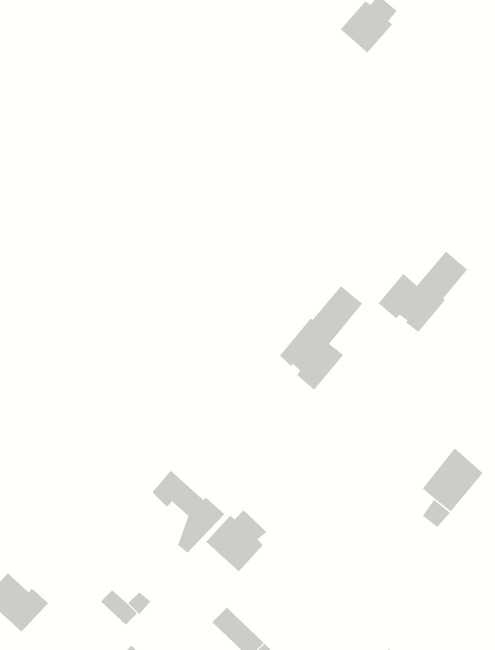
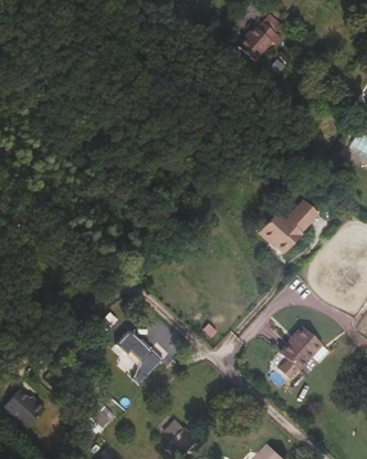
building: [279,285,363,391] -> none
building: [206,509,268,572] -> none

